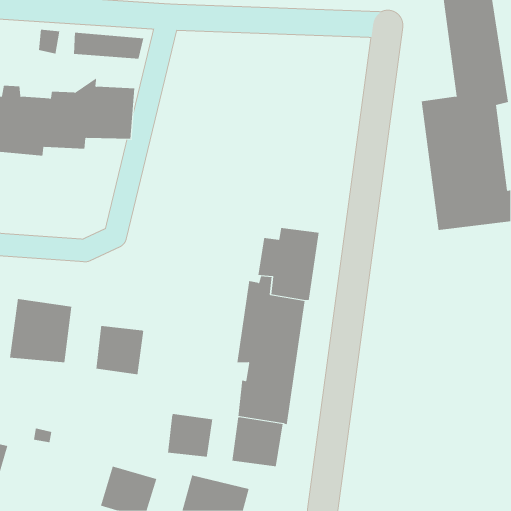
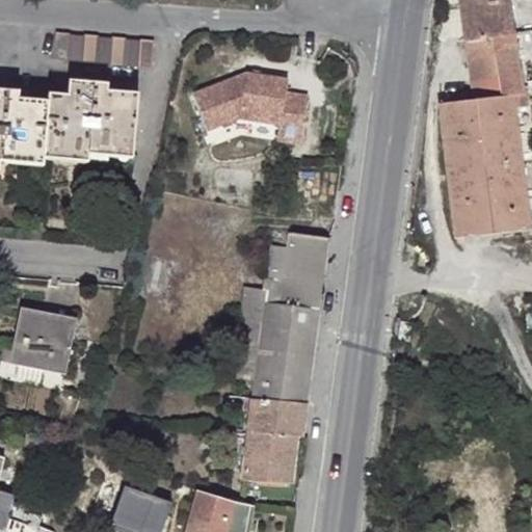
building: none -> [190,73,307,143]
building: [96,325,144,375] -> none
building: [168,413,213,458] -> none

